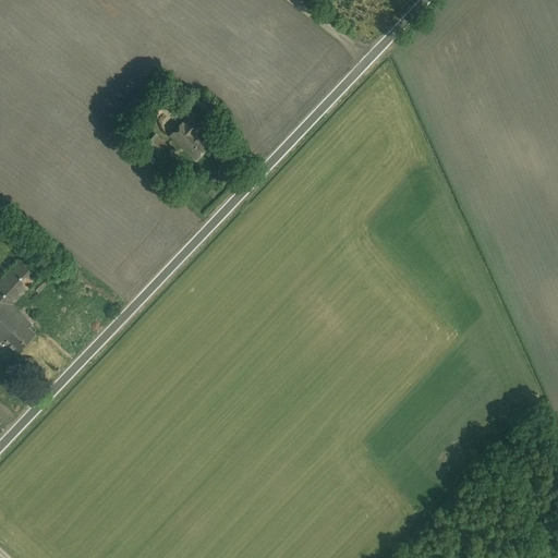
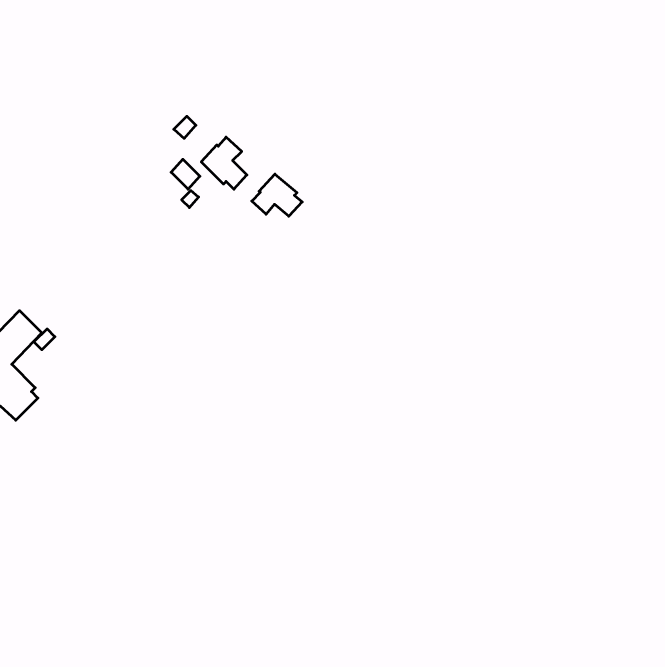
building: none -> [252,174,302,216]

